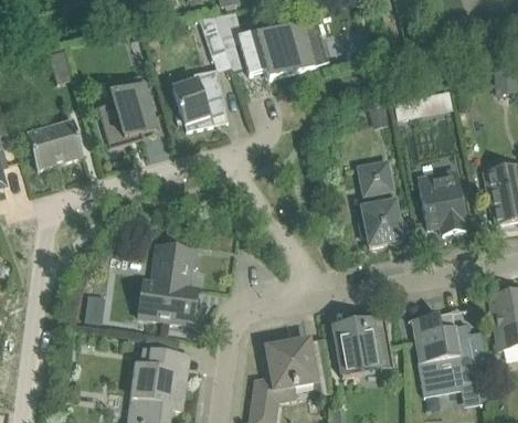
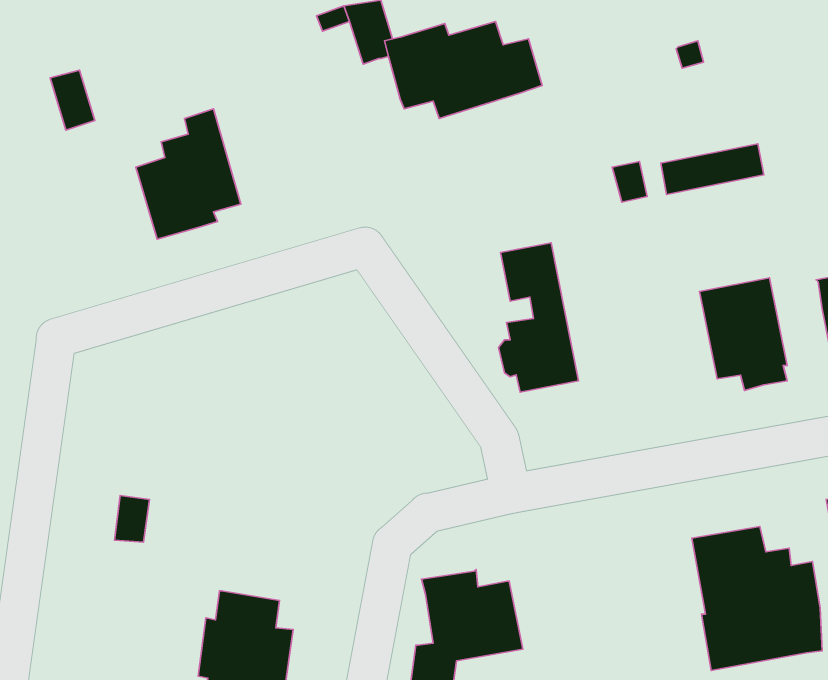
building: [172,67,229,129] -> none
building: [28,118,84,168] -> none
building: [358,160,403,245] -> [499,243,578,392]
building: [139,243,199,322] -> none
building: [334,314,394,376] -> none

